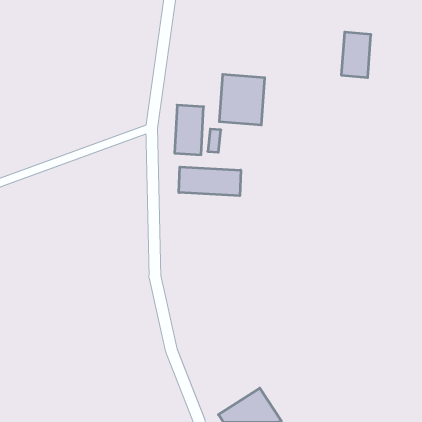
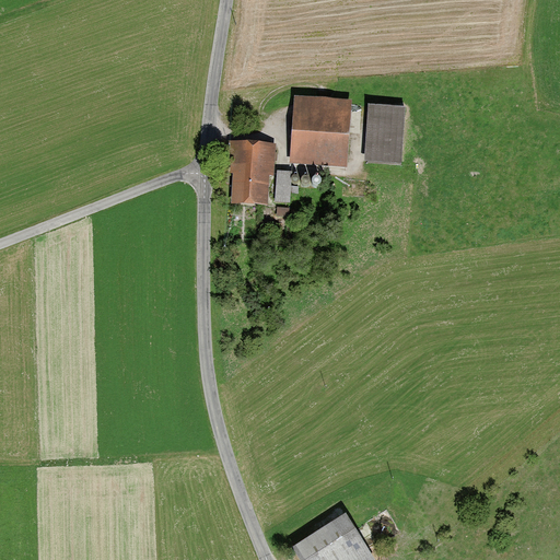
building: [341,32,371,78] -> [365,104,405,164]
building: [179,167,241,196] -> none

